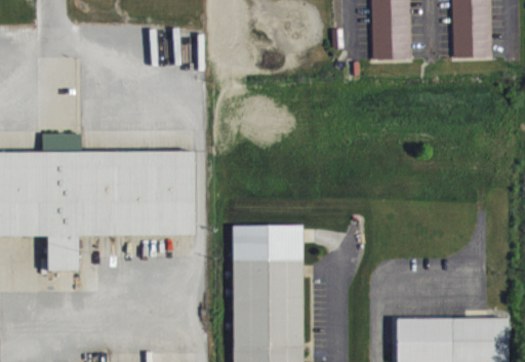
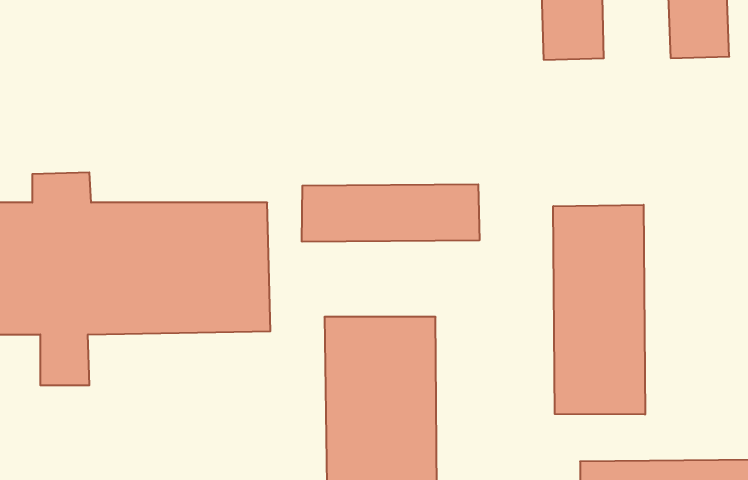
building: none -> [302,184,479,242]
building: none -> [553,205,645,415]

